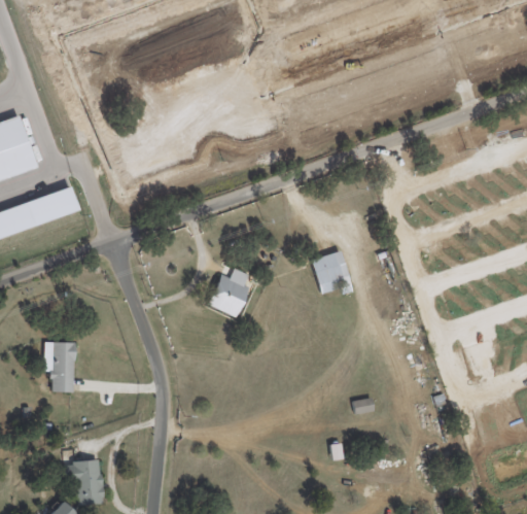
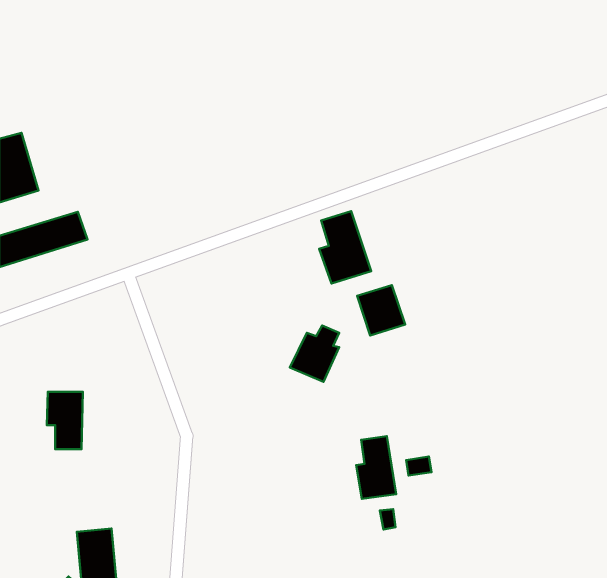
building: none -> [319,211,371,284]
building: [208,268,250,316] -> [290,326,339,382]
building: none -> [356,436,396,499]

